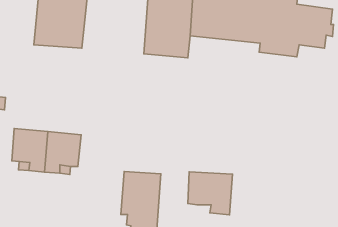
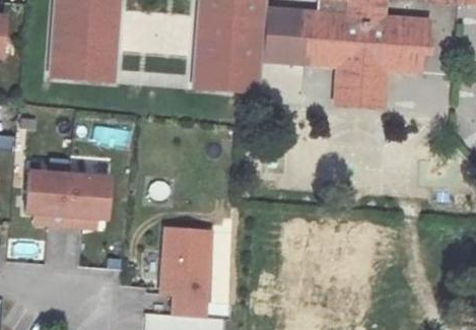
building: none -> [333,78,382,110]
building: [188,172,232,215] -> none

